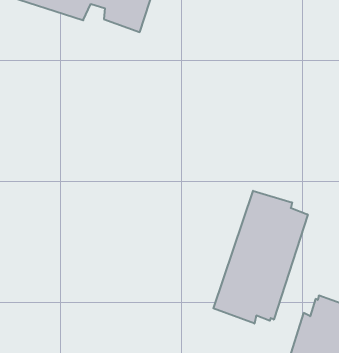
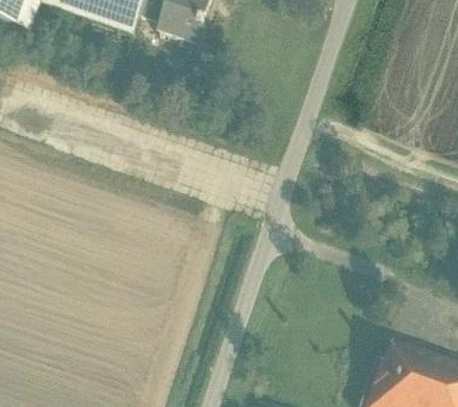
building: [213,191,308,324] -> none

